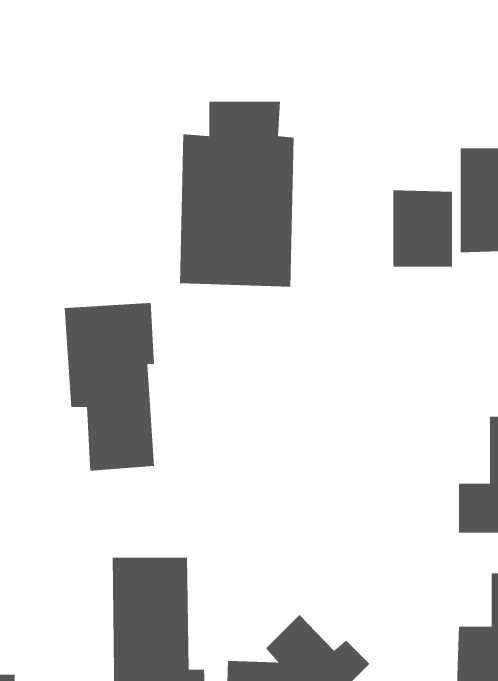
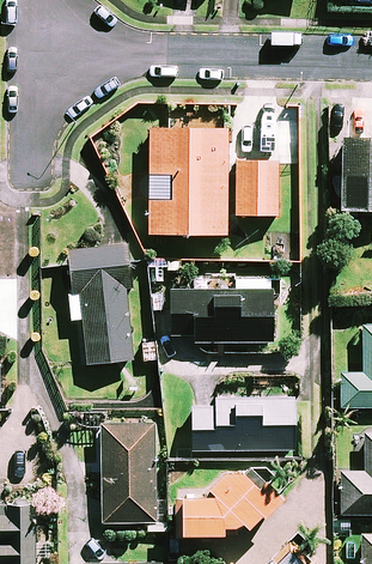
building: [393,190,453,267] -> [236,162,278,216]
building: none -> [170,279,273,342]
building: none -> [193,399,294,451]

